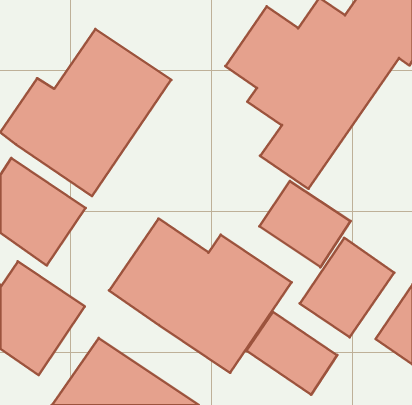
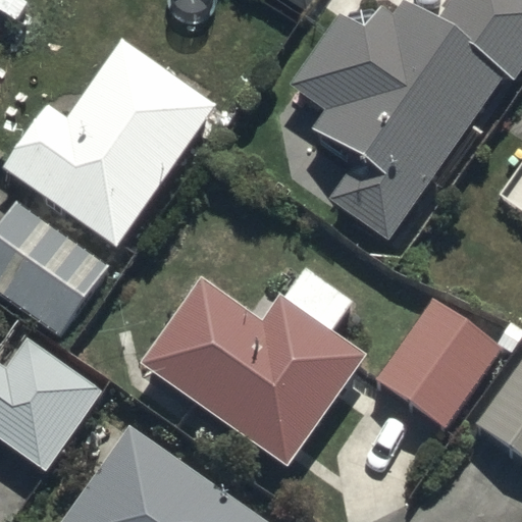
building: [259,181,351,267] -> none
building: [247,312,337,395] -> none

